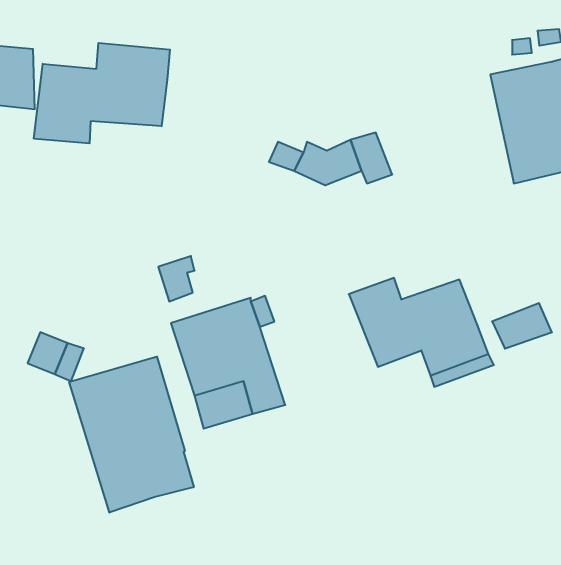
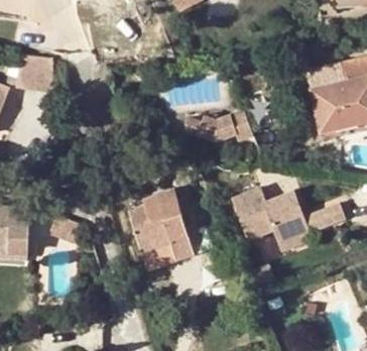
building: [34,43,170,143] -> none
building: [69,357,194,513] -> none

